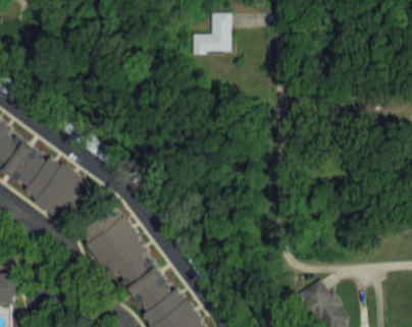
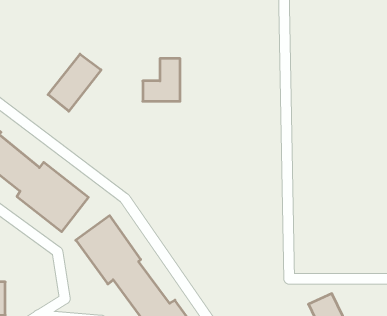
building: [194,13,229,54] -> [143,59,180,101]
building: none -> [48,54,101,111]

